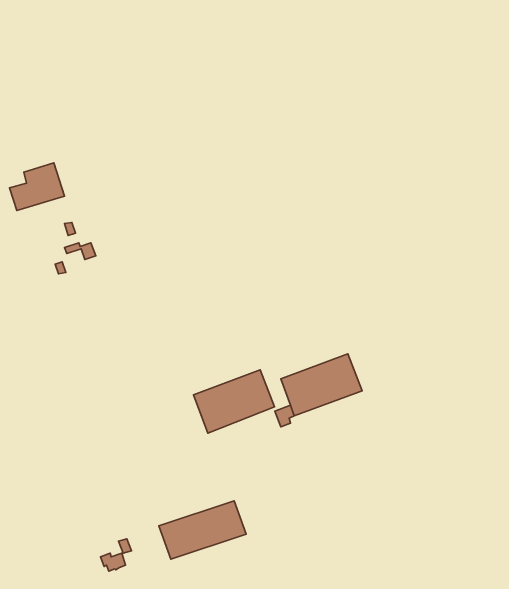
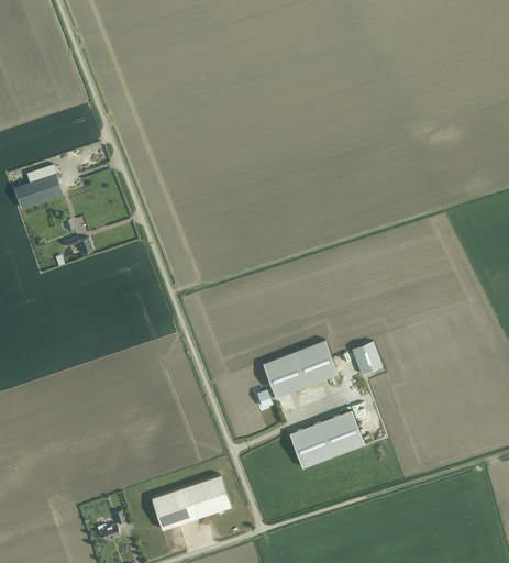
building: none -> [351,342,381,375]
building: [193,370,275,433] -> [289,411,364,470]

